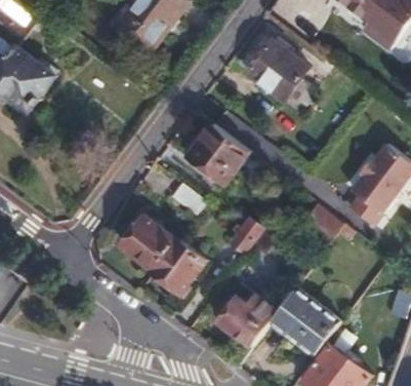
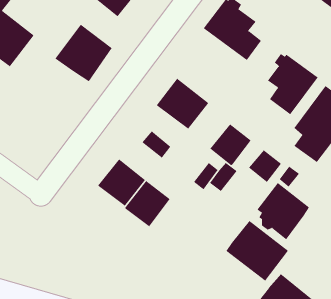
building: none -> [55,24,113,82]
building: none -> [267,53,319,115]
building: none -> [209,123,252,166]
building: [213,283,274,349] -> [257,182,310,240]

